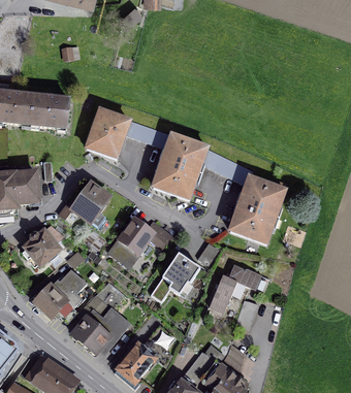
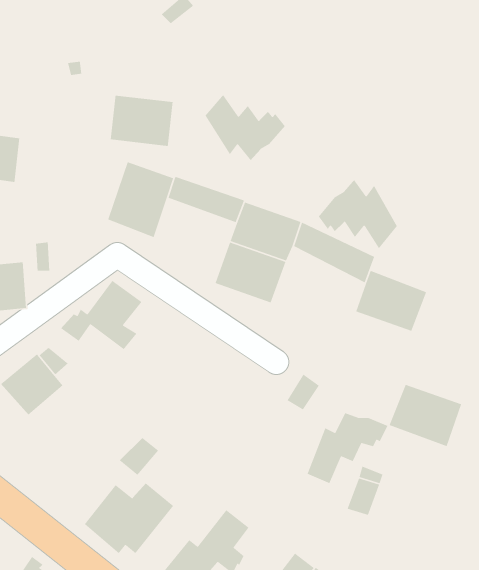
building: none -> [205,94,286,161]
building: [30,96,69,128] -> [110,95,173,147]
building: none -> [318,179,398,249]
building: [229,203,275,242] -> [388,384,462,447]
building: [107,219,171,276] -> none
building: [150,253,199,301] -> none
building: [34,268,86,318] -> none

